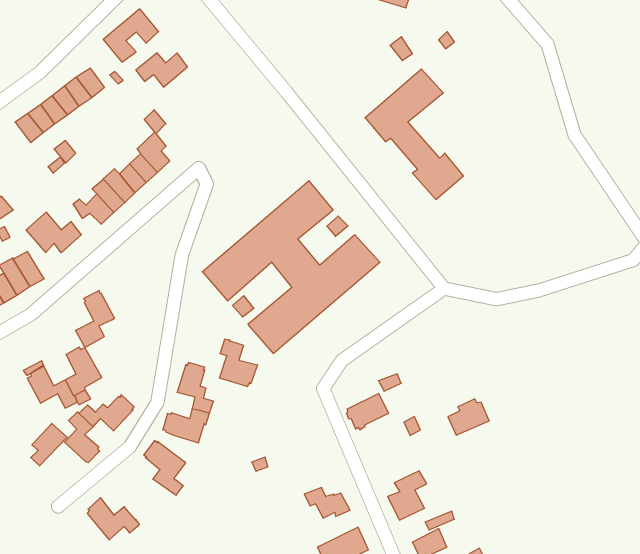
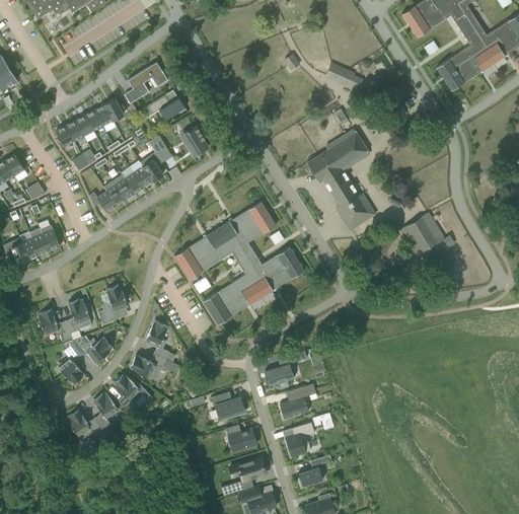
building: none -> [181,126,209,155]
building: none -> [399,211,456,262]
building: [26,212,81,253] -> none
building: [75,291,115,348] -> [98,284,128,323]
building: [219,339,257,387] -> none
building: [448,399,489,435] -> [280,393,309,418]
building: [31,423,67,466] -> none
building: none -> [211,390,244,417]
building: none -> [94,392,119,429]

